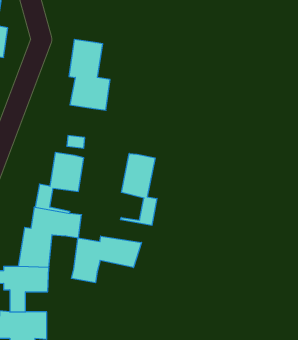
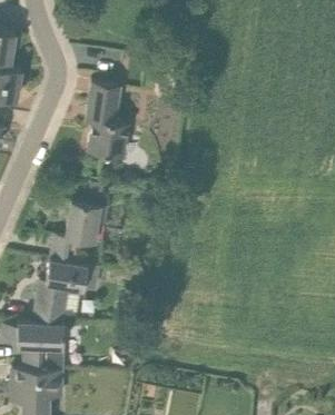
building: [120,153,157,225] -> none
building: [71,236,141,283] -> none

